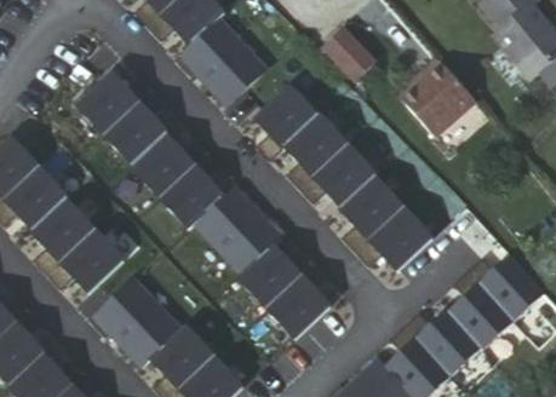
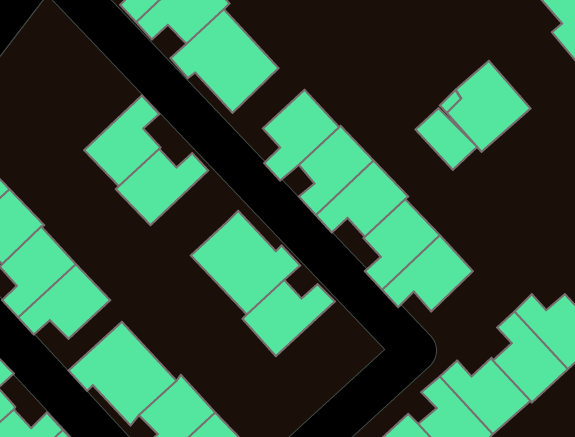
building: [322,34,374,86] -> [415,108,477,170]
building: [74,71,151,136] -> none
building: [159,153,223,229] -> none
building: [264,263,328,339] -> none

